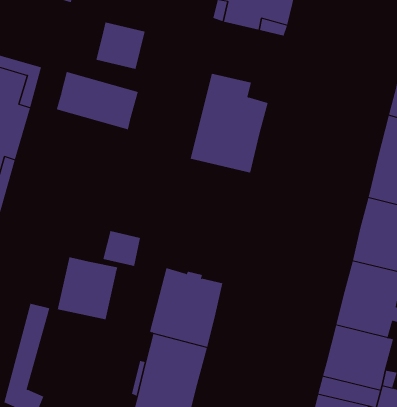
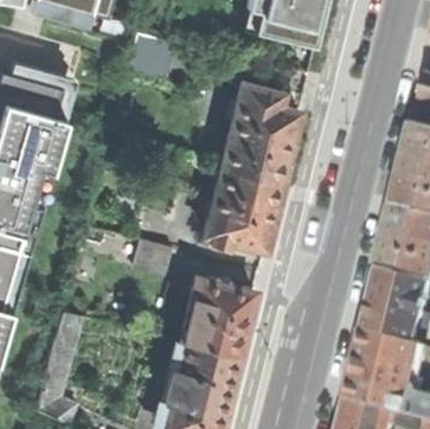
building: [56,71,138,130] -> none
building: none -> [204,171,281,252]
building: [57,256,118,320] -> none

